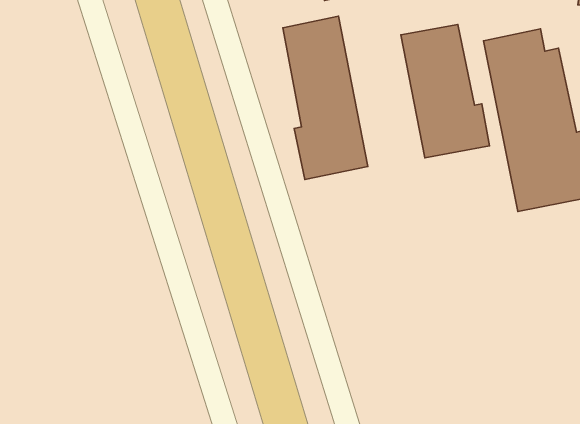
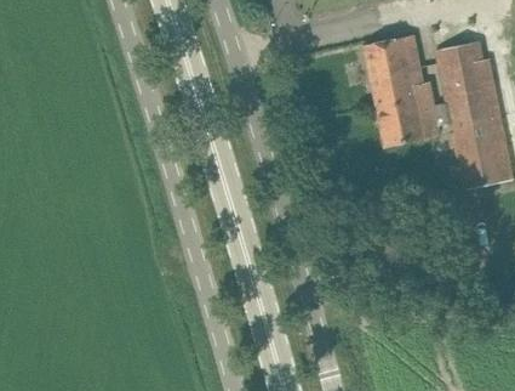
building: [283,16,368,179] -> none

